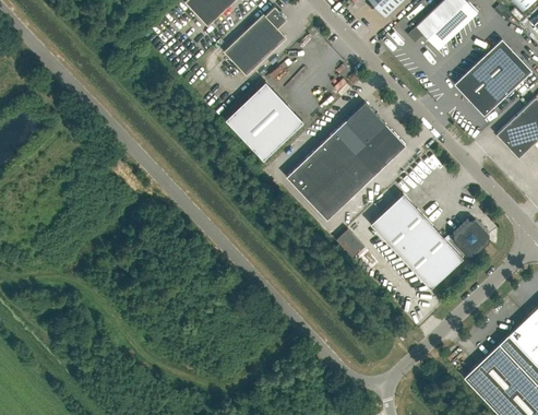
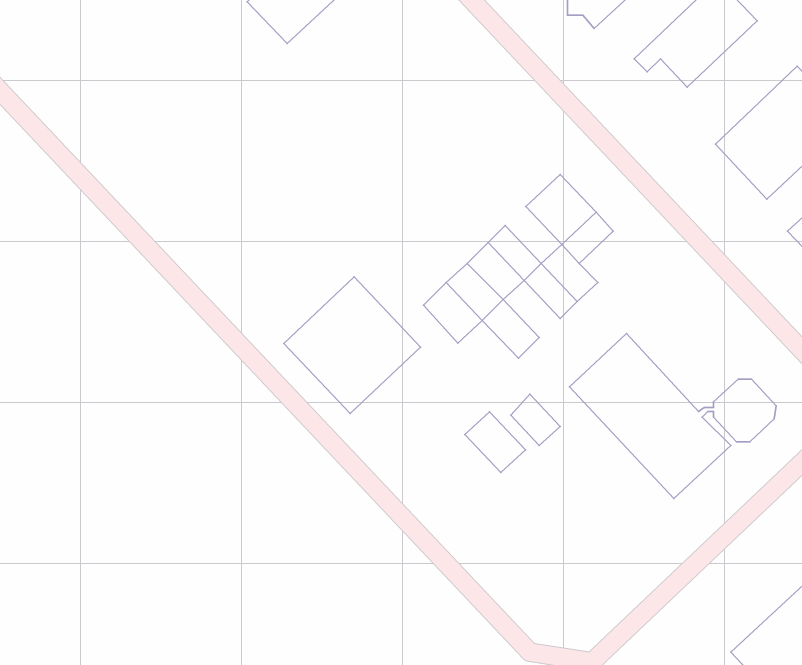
building: [224,7,286,75] -> none
building: [225,81,303,159] -> [284,277,420,414]
building: [333,120,366,153] -> none
building: [375,134,406,164] -> none
building: [332,163,364,195] -> none
building: [306,186,340,221] -> [465,412,526,472]

